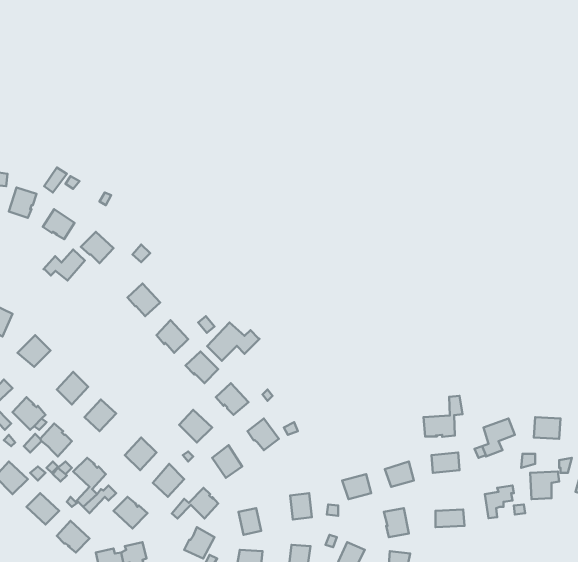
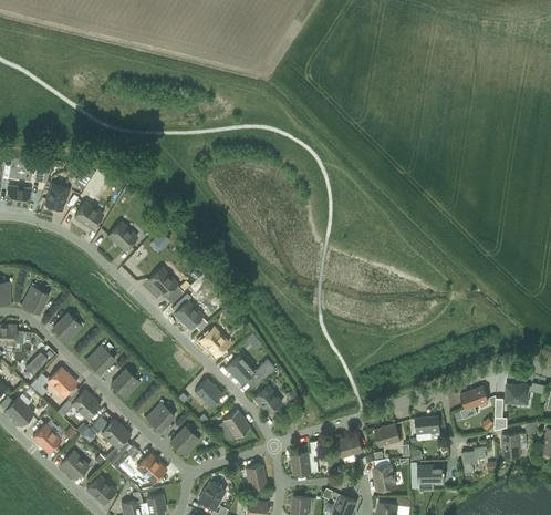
building: [44,250,85,280] -> none
building: [207,323,259,361] -> none
building: [423,396,462,437] -> none
building: [172,488,218,519] -> none

